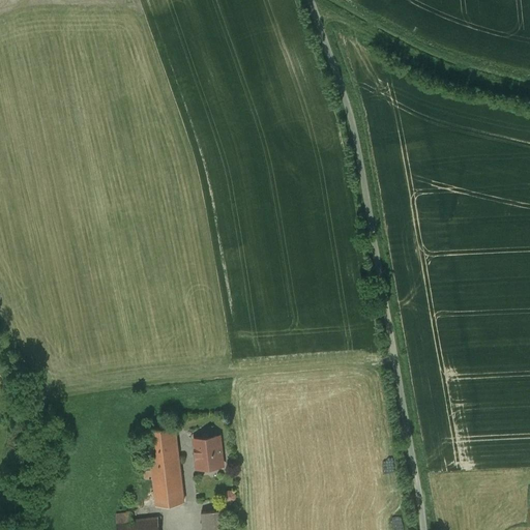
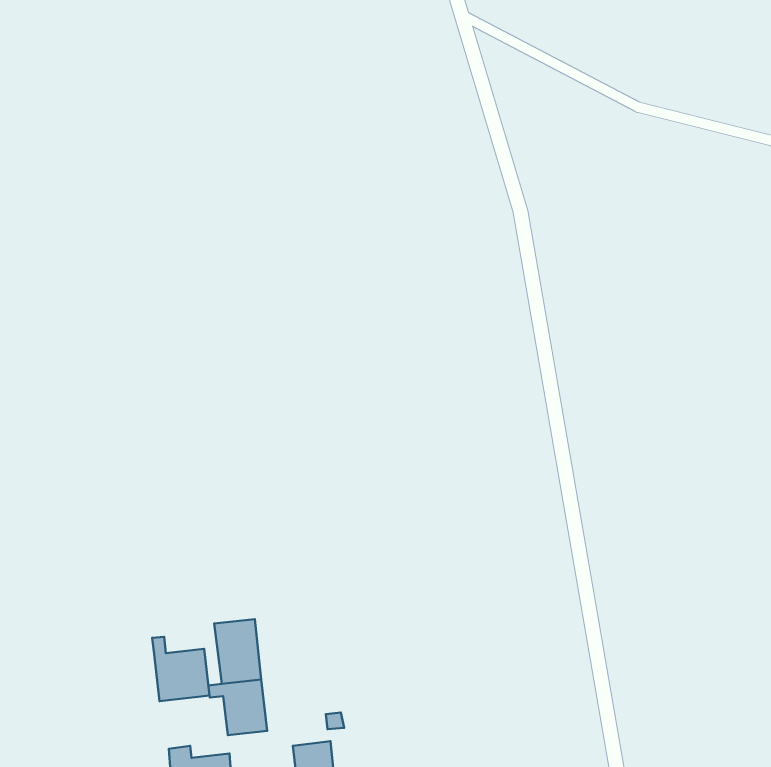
building: [194,436,223,472] -> none
building: none -> [152,637,209,701]

